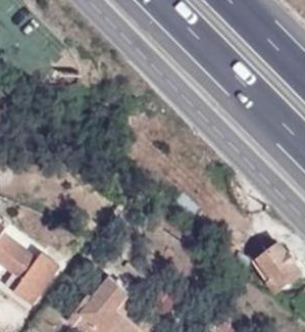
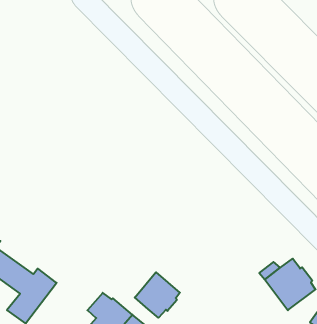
building: none -> [135,272,180,318]

